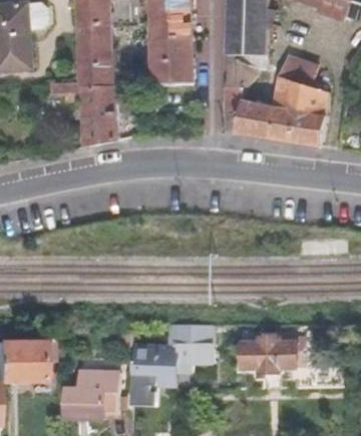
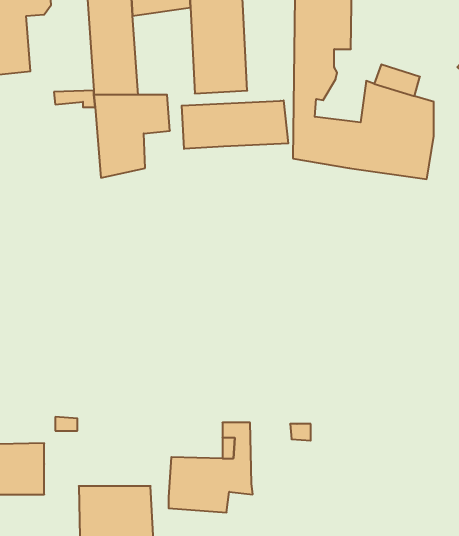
building: none -> [182,100,288,149]
building: [194,324,216,368] -> none
building: [246,336,302,370] -> none

